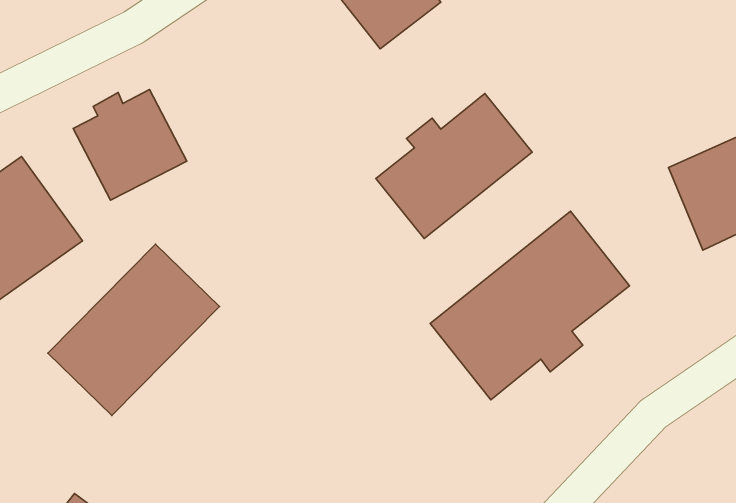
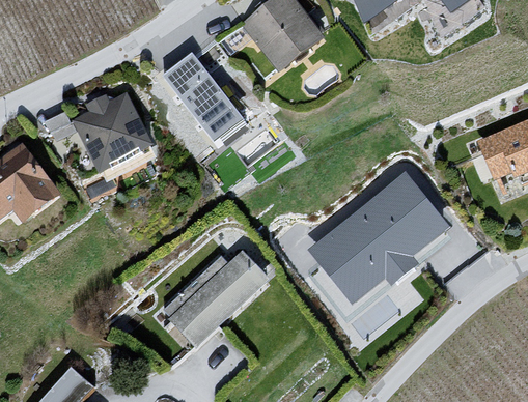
building: none -> [161,53,240,141]
building: [376,93,532,239] -> none
building: [48,244,219,416] -> [159,240,273,354]

